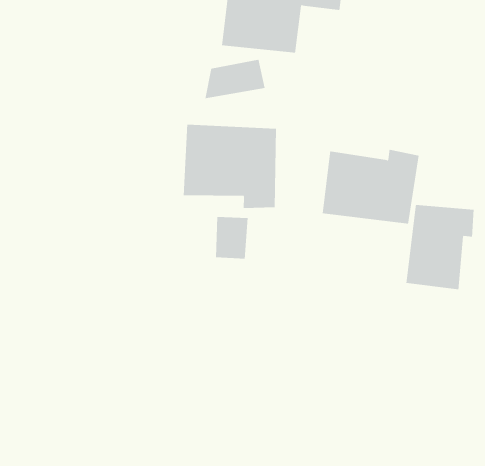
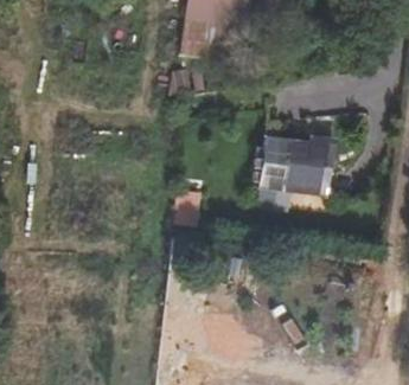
building: [183,124,277,209] -> none
building: [406,204,474,290] -> none

